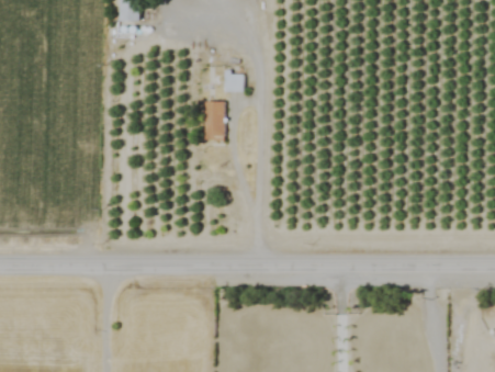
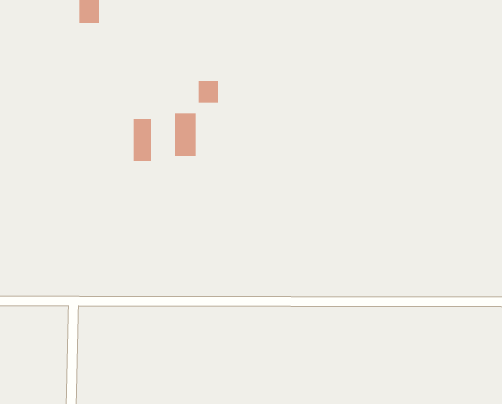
building: none -> [133,118,151,162]

